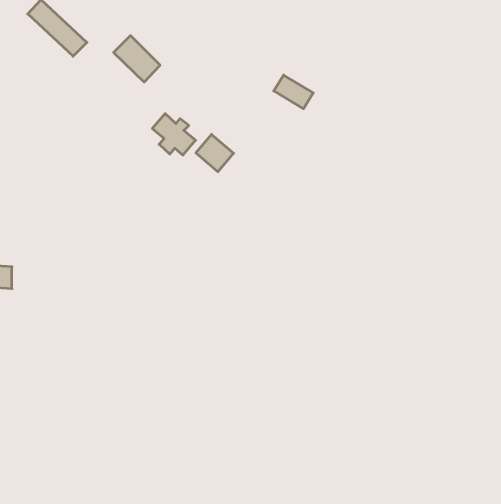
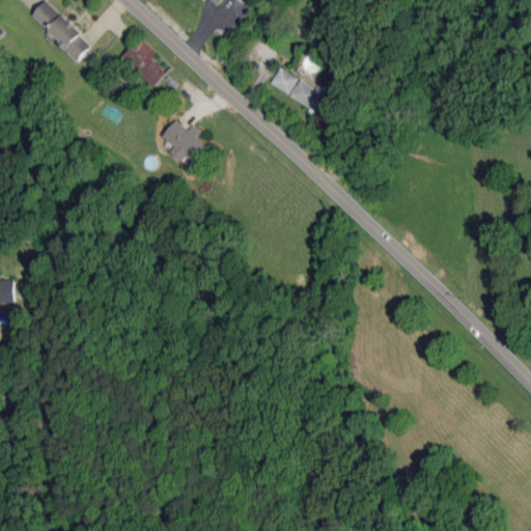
building: none -> [269,68,296,94]
building: [196,134,234,172] -> none

